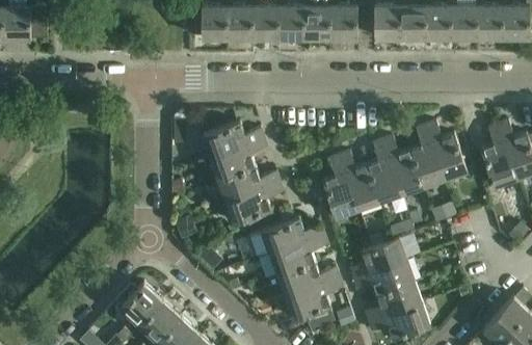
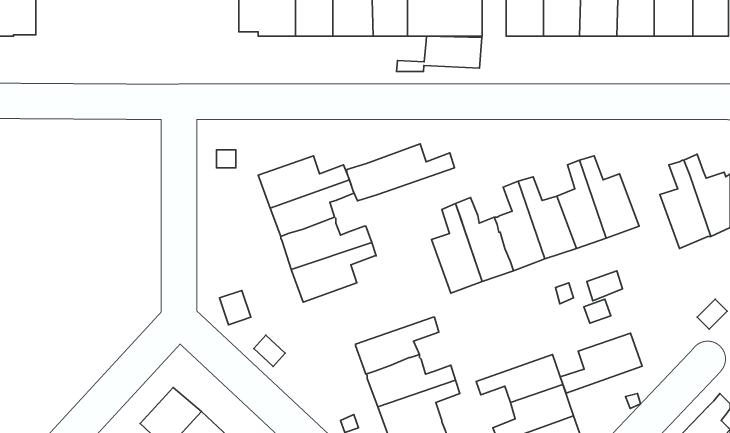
building: none -> [396,36,482,72]
building: [248,218,323,258] -> [347,144,454,201]
building: [349,238,406,280] -> [560,333,642,393]

